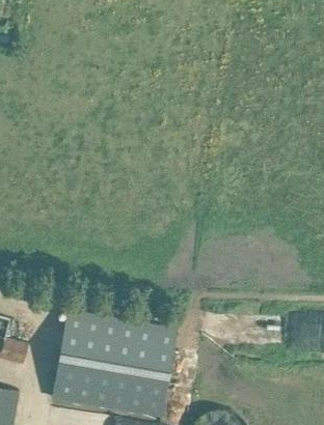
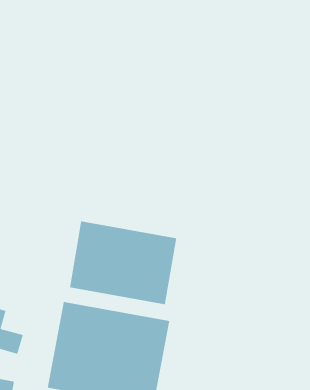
building: none -> [69,220,177,305]

